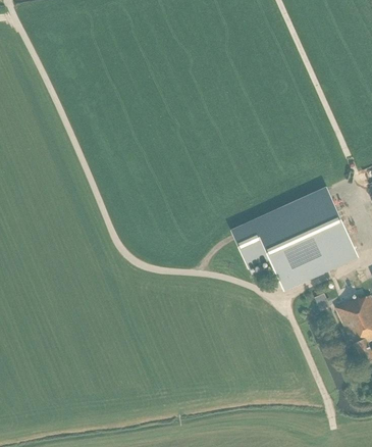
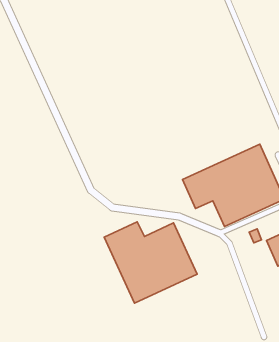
building: none -> [104,222,197,303]

